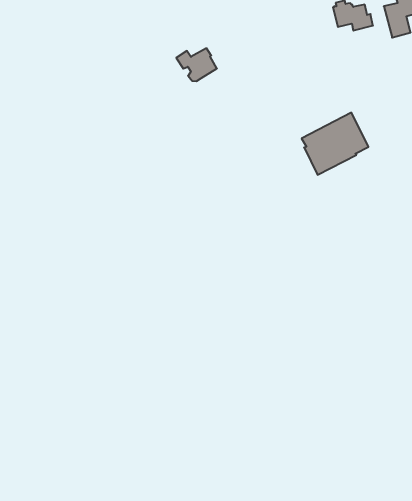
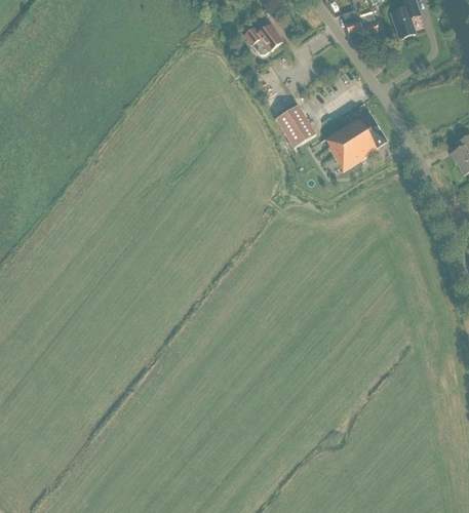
building: [176,48,217,81] -> [244,23,282,53]
building: none -> [275,104,316,147]

